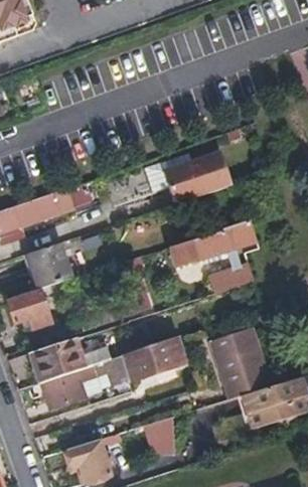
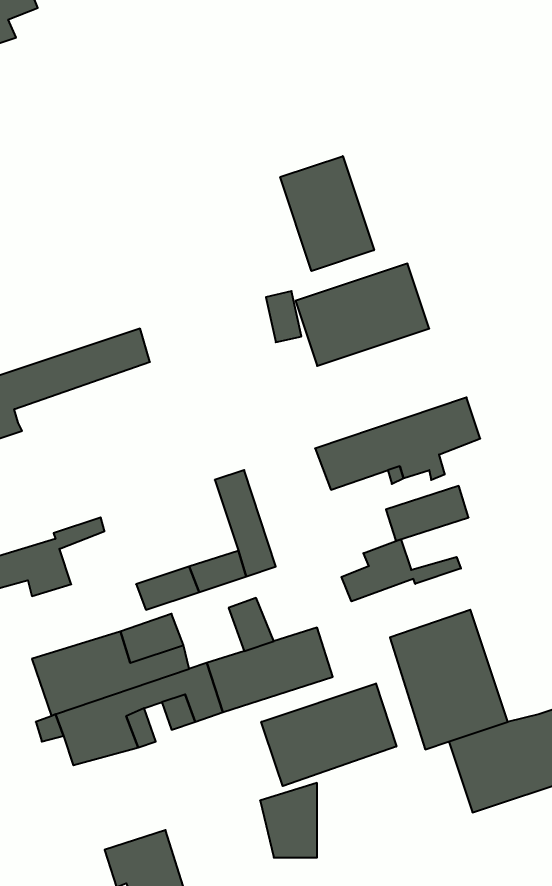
building: none -> [280,156,374,271]
building: [29,242,70,288] -> none
building: none -> [341,539,461,601]
building: none -> [261,683,396,786]

